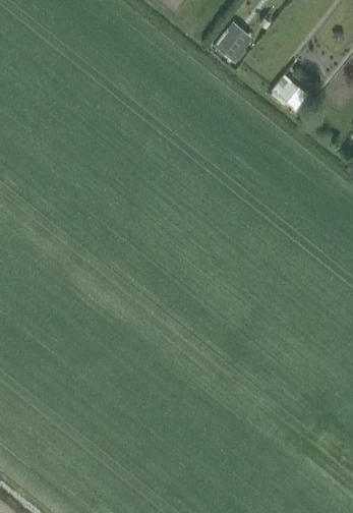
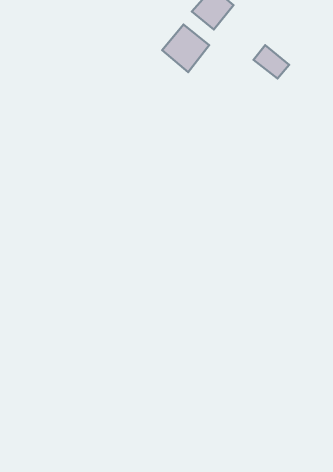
building: none -> [162,25,209,72]

